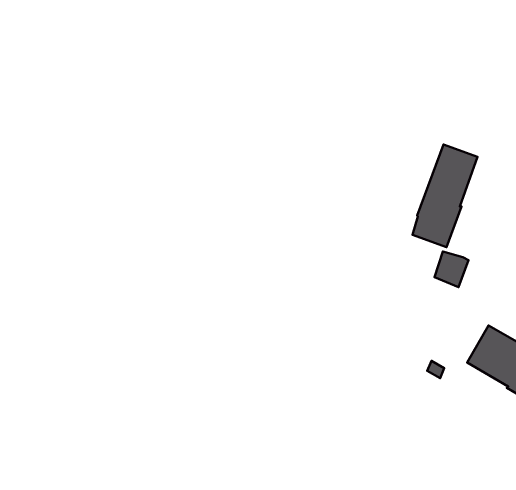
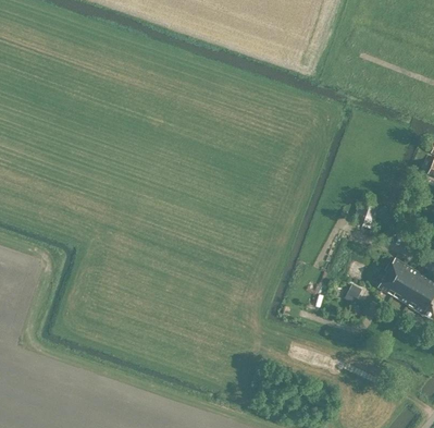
building: [413,144,478,247] -> none

